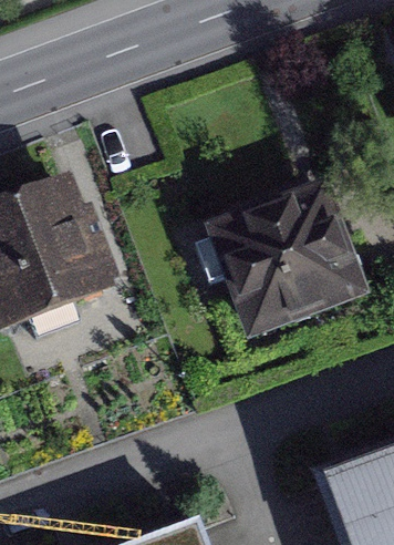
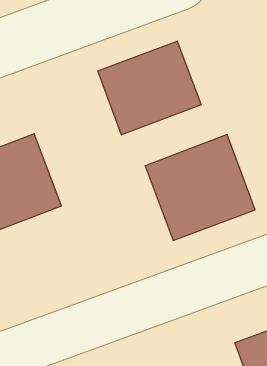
building: none -> [98,41,201,135]

